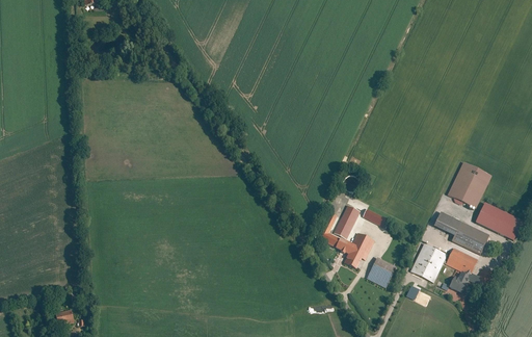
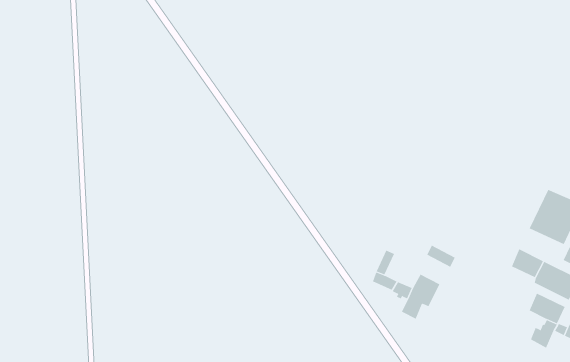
building: [334,205,361,239] -> none
building: [410,243,447,282] -> none
building: [367,257,396,288] -> none

